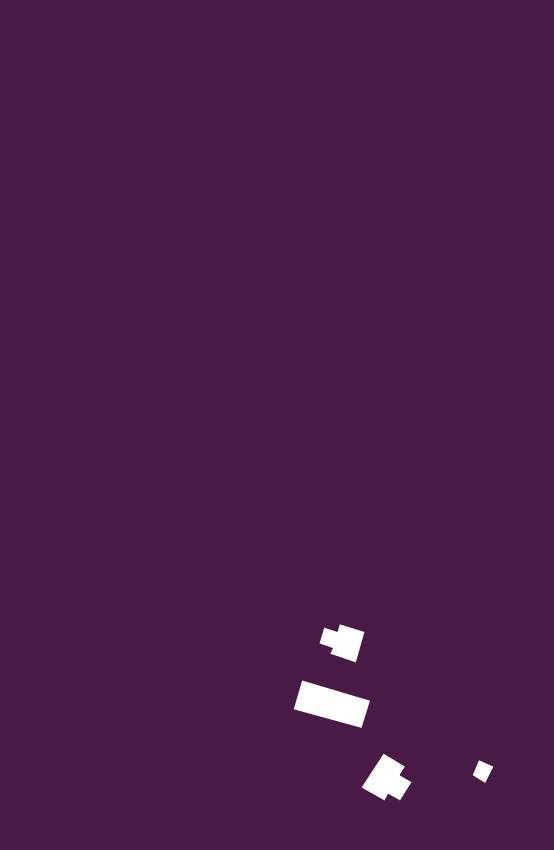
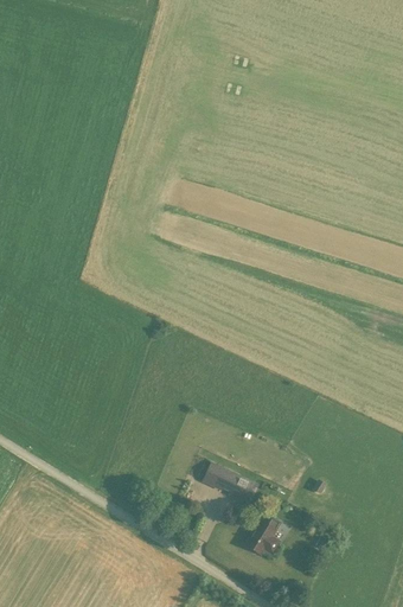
building: [319,624,365,663] -> none

